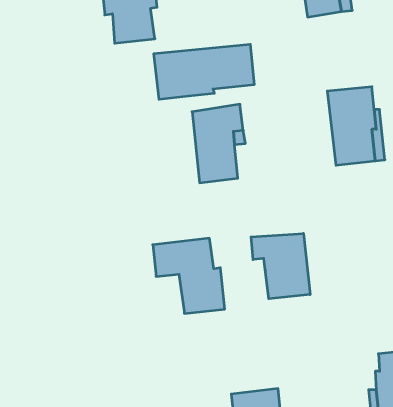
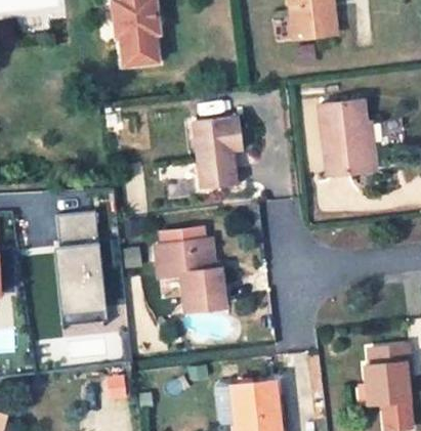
building: [154,44,254,99] -> none
building: none -> [55,211,104,310]
building: [251,233,310,299] -> none

